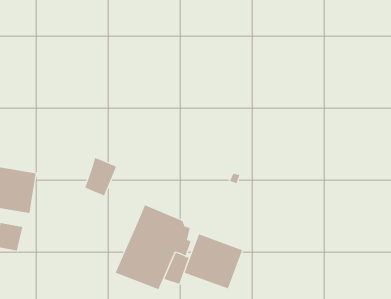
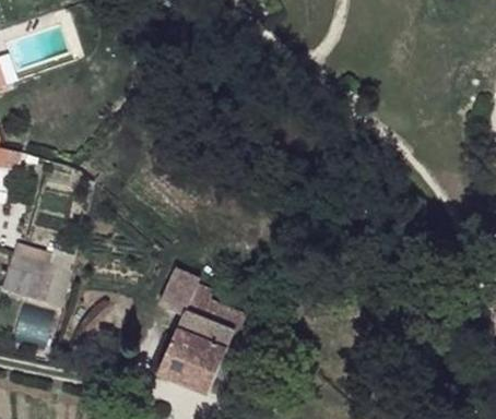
building: [85,157,117,196] -> [160,267,199,314]
building: [184,234,243,289] -> none

